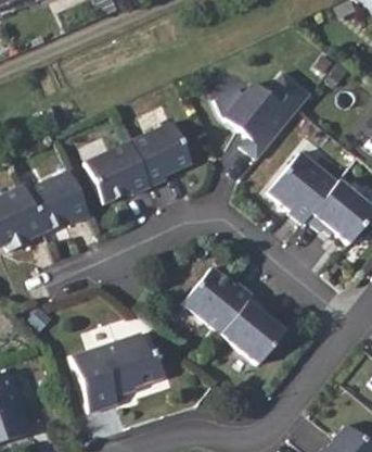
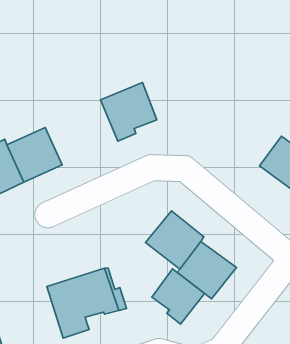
building: [211,77,312,160] -> none
building: [82,140,152,206] -> none
building: [272,152,337,226] -> none
building: none -> [152,269,204,324]

